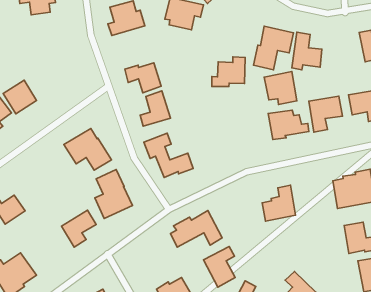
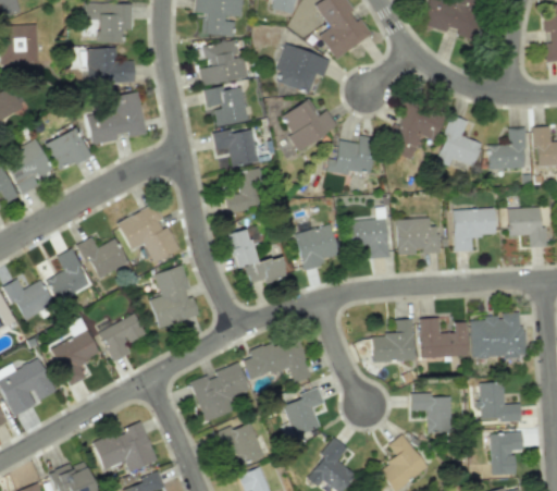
building: none -> [88,48,135,85]
building: none -> [203,87,248,127]
building: none -> [488,128,525,170]
building: none -> [282,101,337,151]
building: none -> [87,91,146,145]
building: [264,72,297,104] -> [349,218,388,259]
building: none -> [295,225,339,269]
building: none -> [78,237,128,280]
building: none -> [47,249,90,303]
building: none -> [420,318,468,358]
building: none -> [51,322,100,386]
building: none -> [190,363,250,422]
building: none -> [411,393,451,433]

